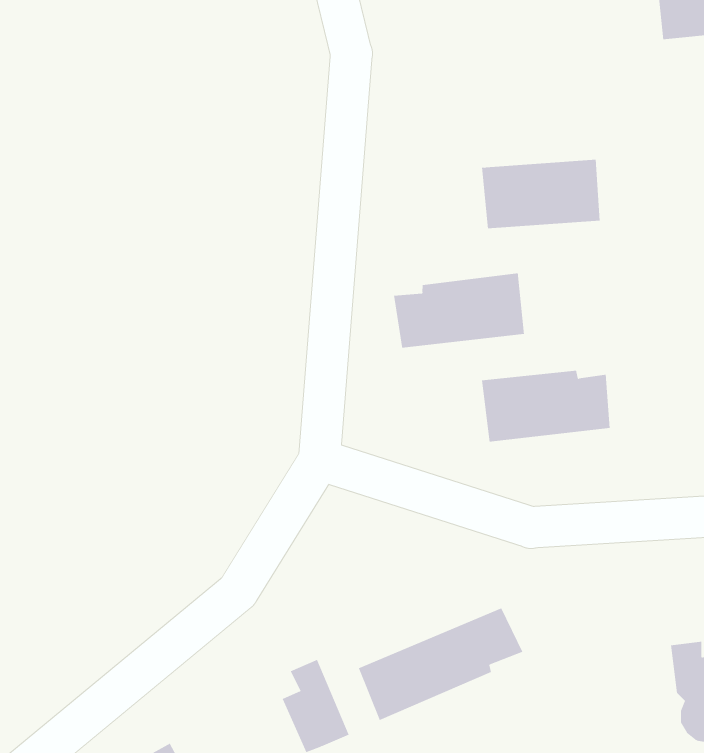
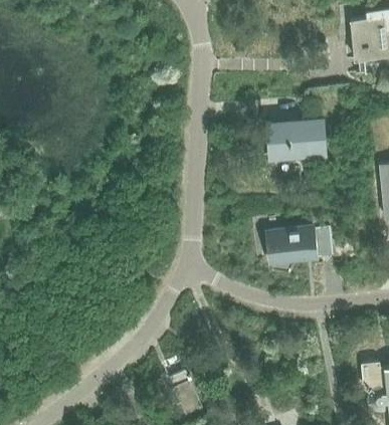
building: [394,272,524,348] -> none
building: [358,608,523,721] -> none

